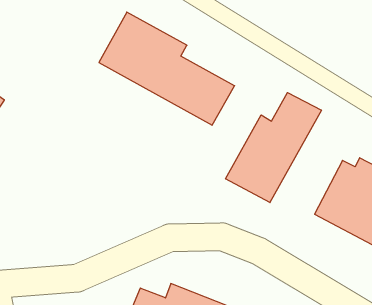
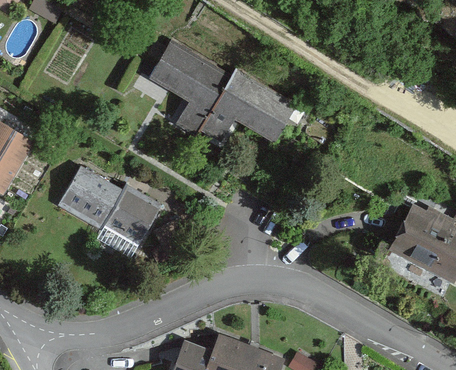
building: [226,93,321,203] -> none
building: none -> [53,159,160,246]

